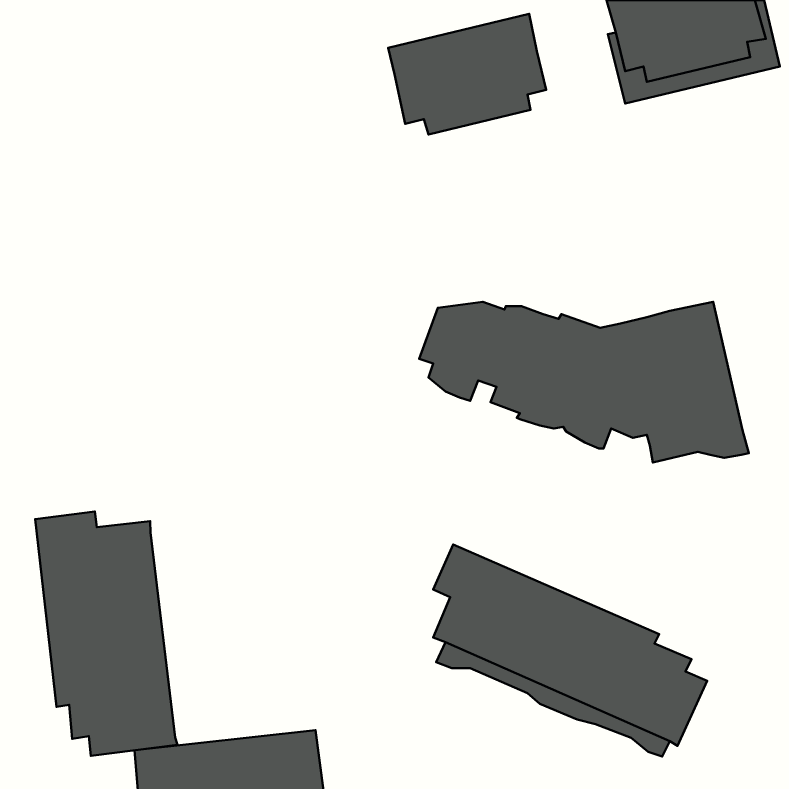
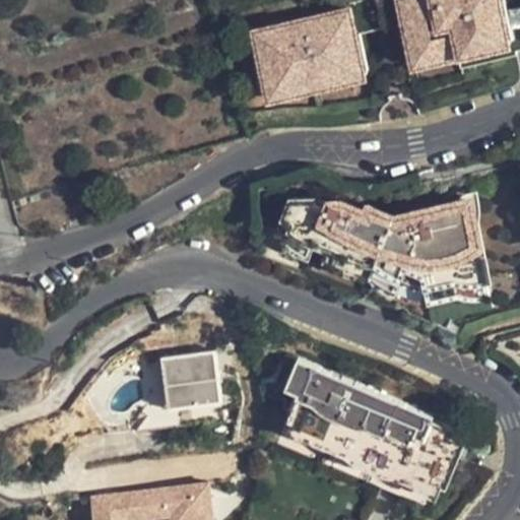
building: none -> [254,32,369,103]
building: [35,512,177,756] -> none
building: none -> [159,350,219,406]

